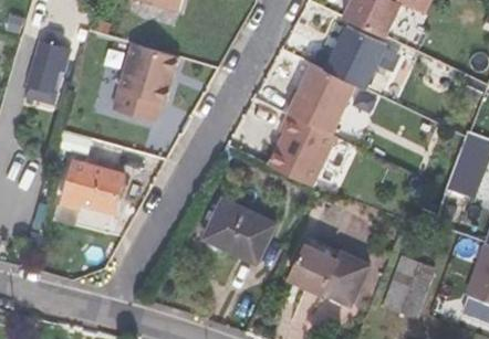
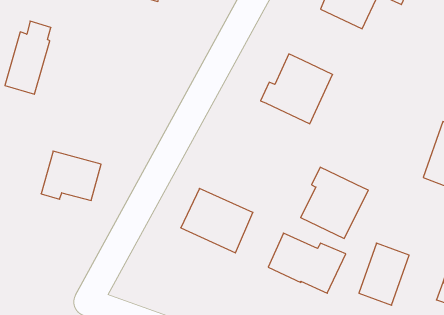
building: [325,24,386,88] -> none
building: [114,43,178,118] -> none
building: [268,113,336,184] -> [301,167,368,238]

